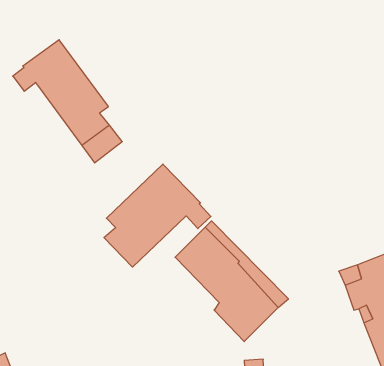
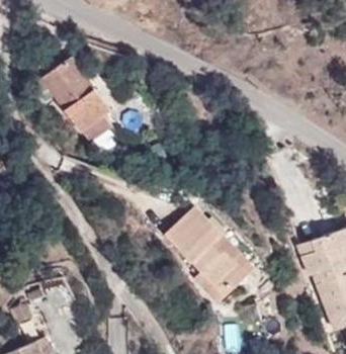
building: [104,164,211,267] -> none

